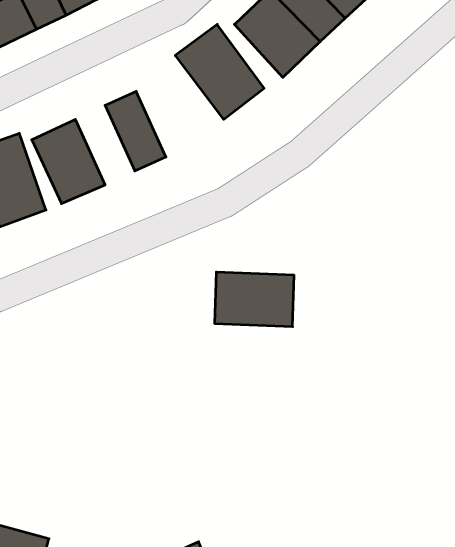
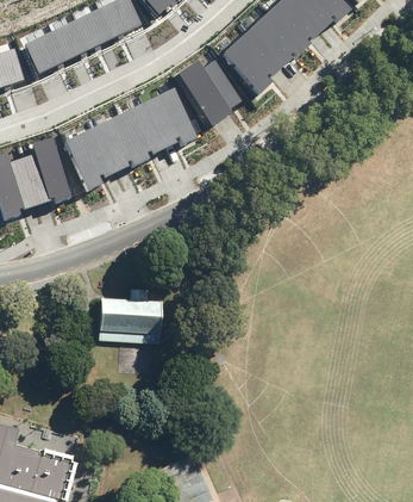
building: none -> [144,89,204,156]
building: none -> [98,117,143,178]
building: [215,272,294,327] -> [102,296,163,337]

